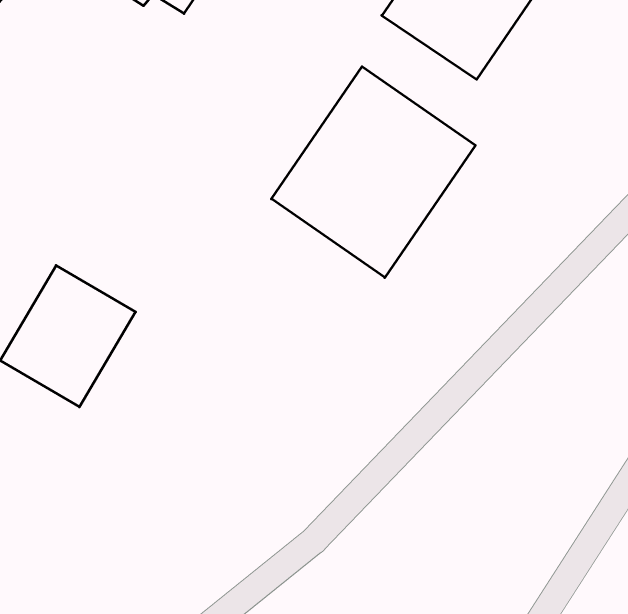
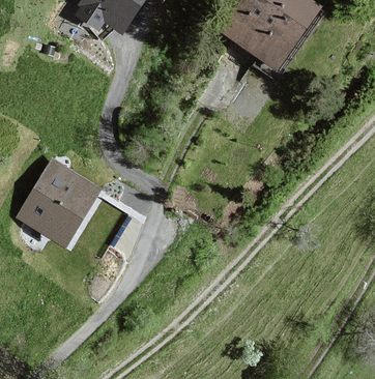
building: [271,67,475,278] -> none

